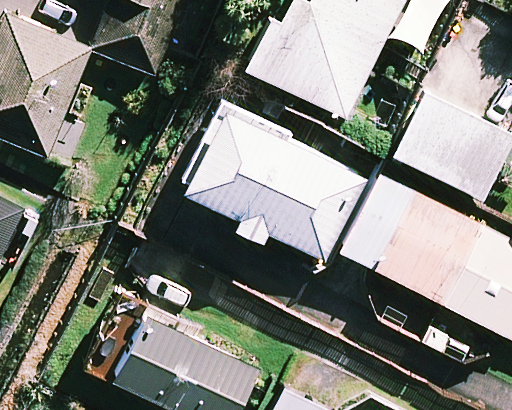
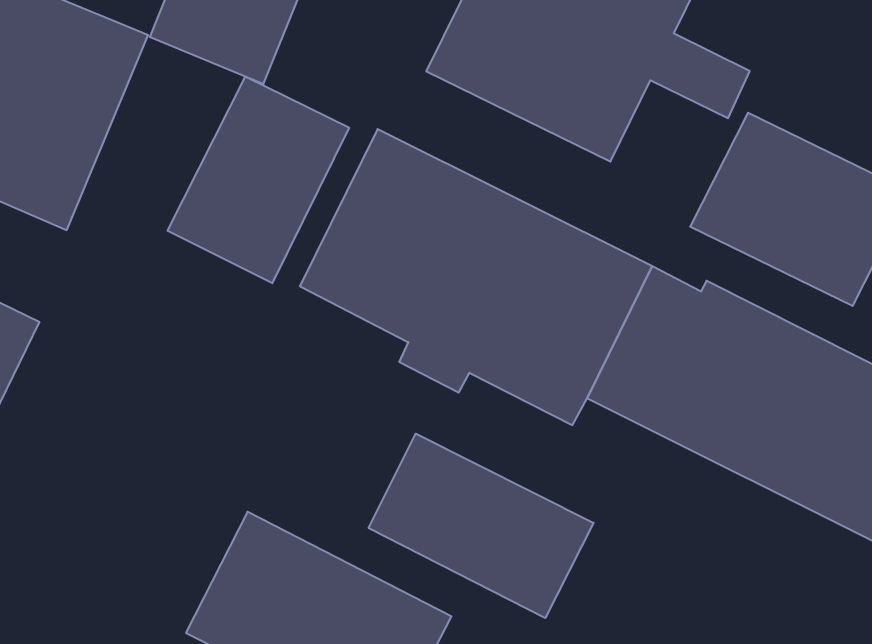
building: none -> [168,76,349,283]
building: none -> [369,434,594,618]

